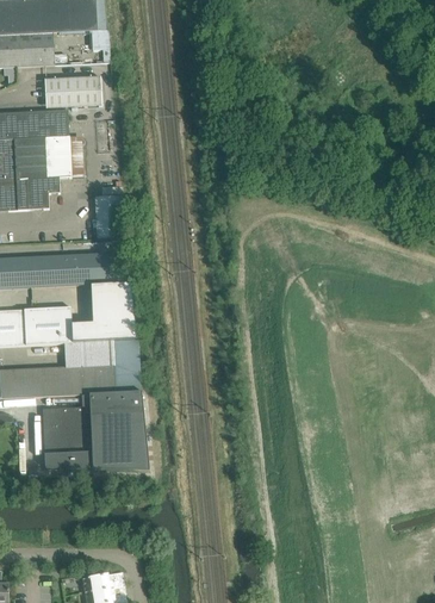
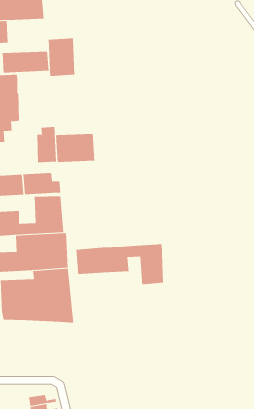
building: none -> [48,38,75,77]
building: none -> [56,133,95,163]
building: none -> [76,244,163,285]

